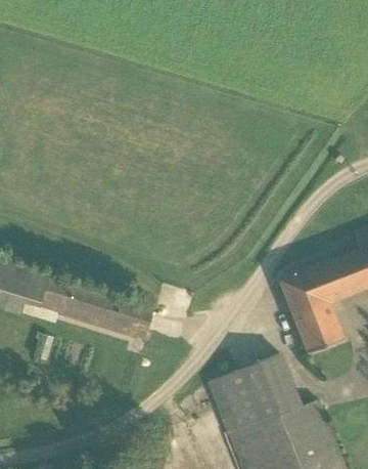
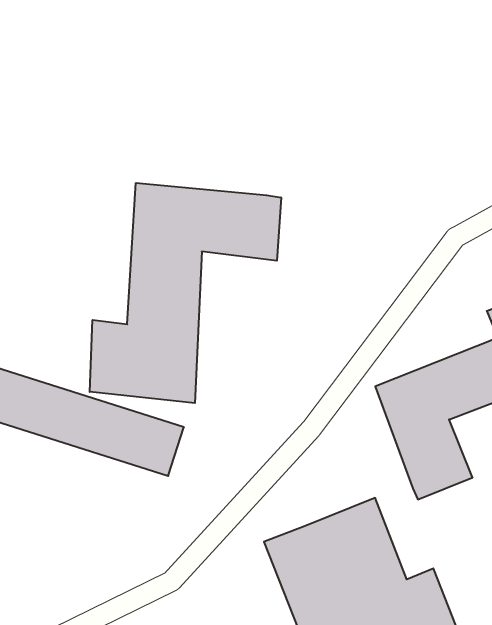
building: none -> [90,183,281,403]

